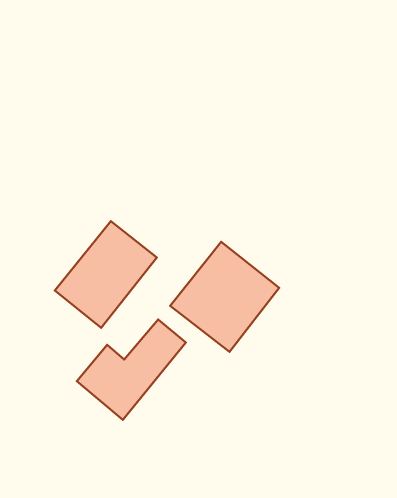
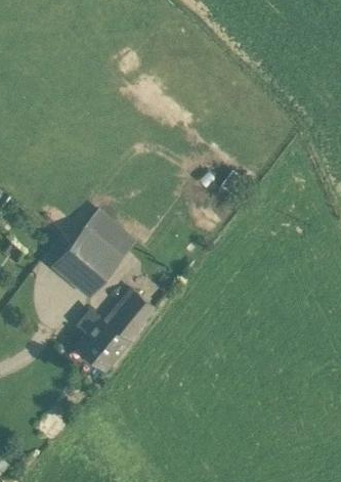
building: [170,242,279,352] -> none

